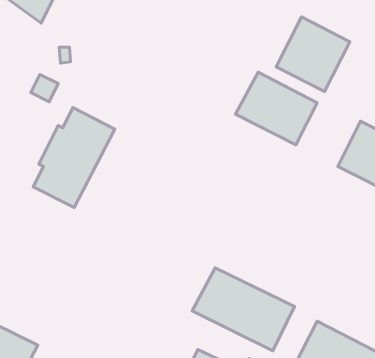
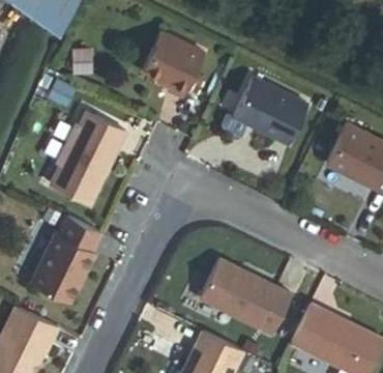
building: [276,17,350,92] -> none
building: none -> [144,32,206,98]
building: none -> [30,219,98,306]

